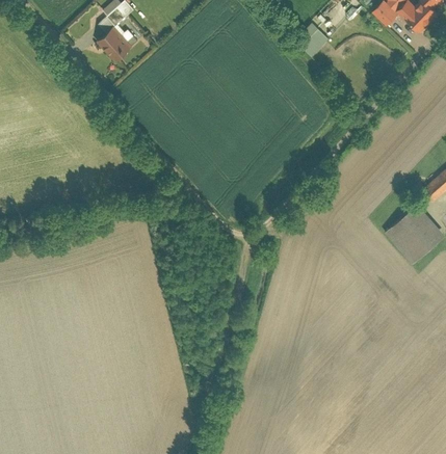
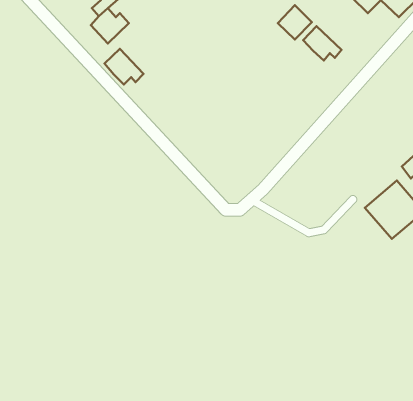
building: none -> [303,26,342,60]
building: none -> [105,49,144,85]

